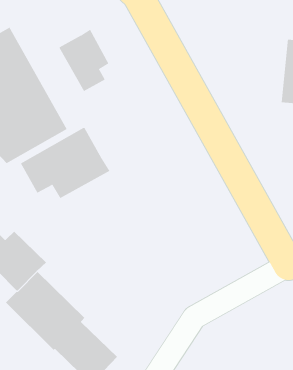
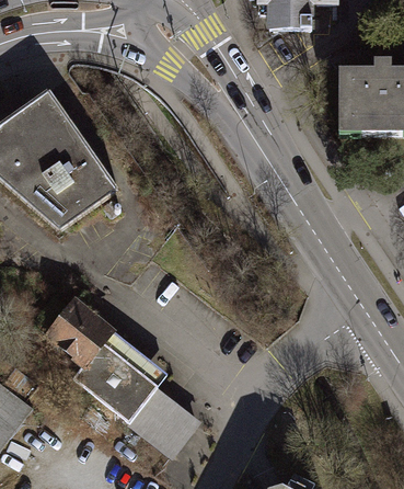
building: [59,29,109,92] -> none
building: [20,127,110,199] -> none

